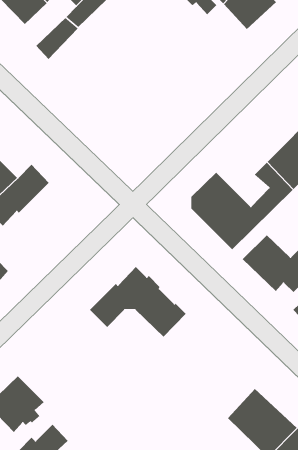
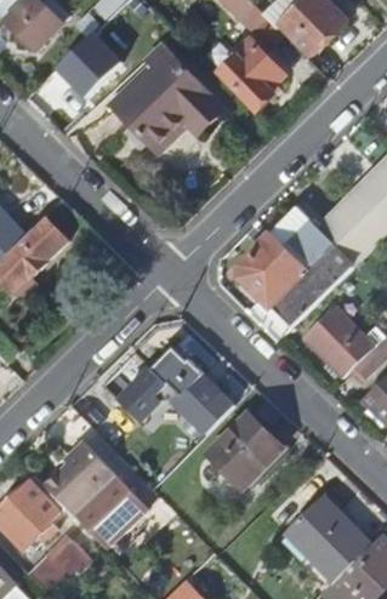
building: none -> [217,44,283,110]
building: none -> [108,51,222,154]
building: none -> [272,207,336,272]
building: none -> [209,412,283,486]
building: none -> [45,438,147,546]

